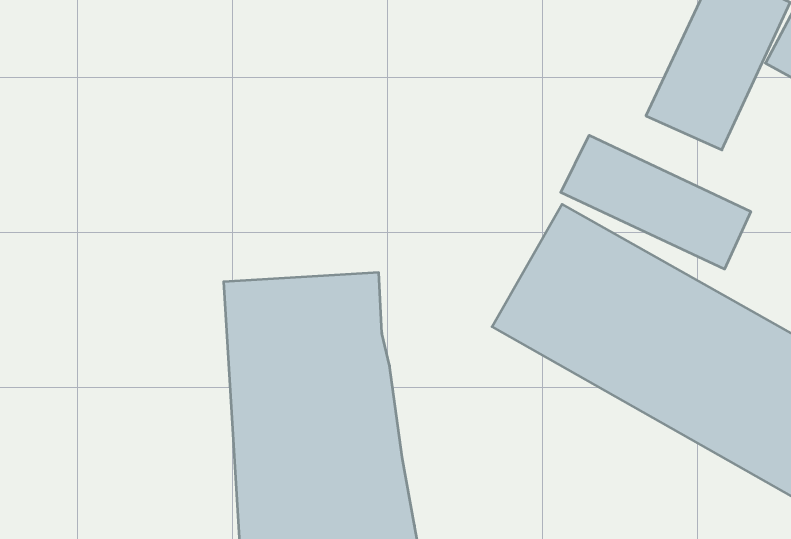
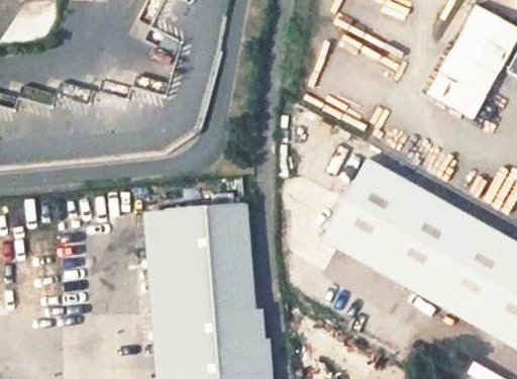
building: [561,135,751,269] -> none

